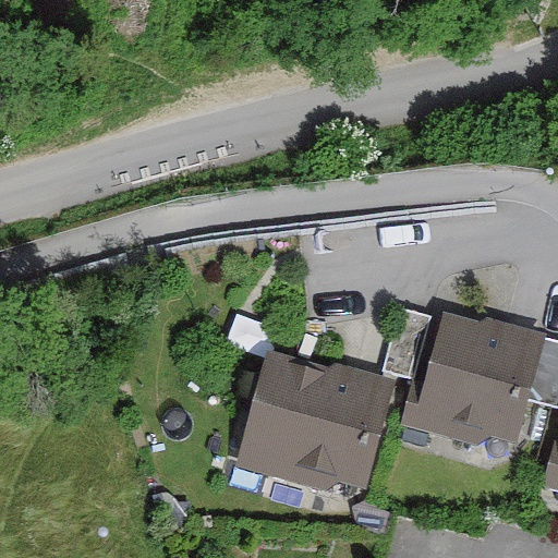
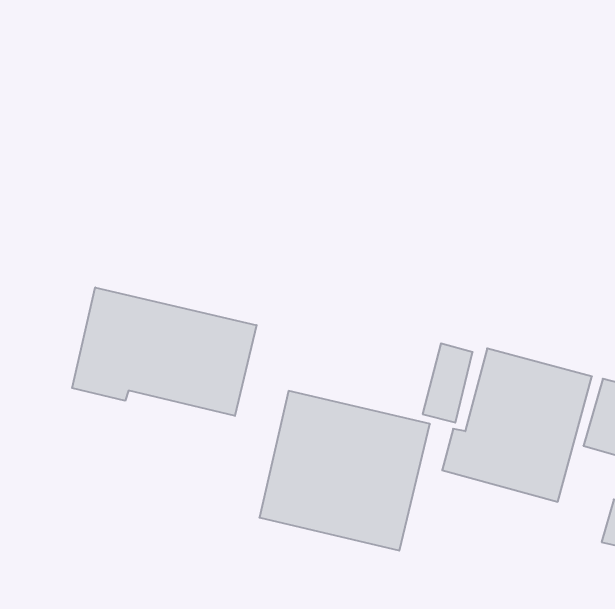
building: none -> [72,287,257,416]

